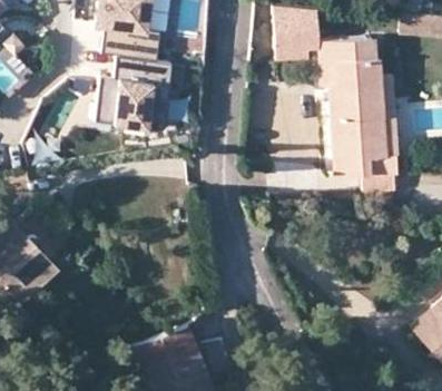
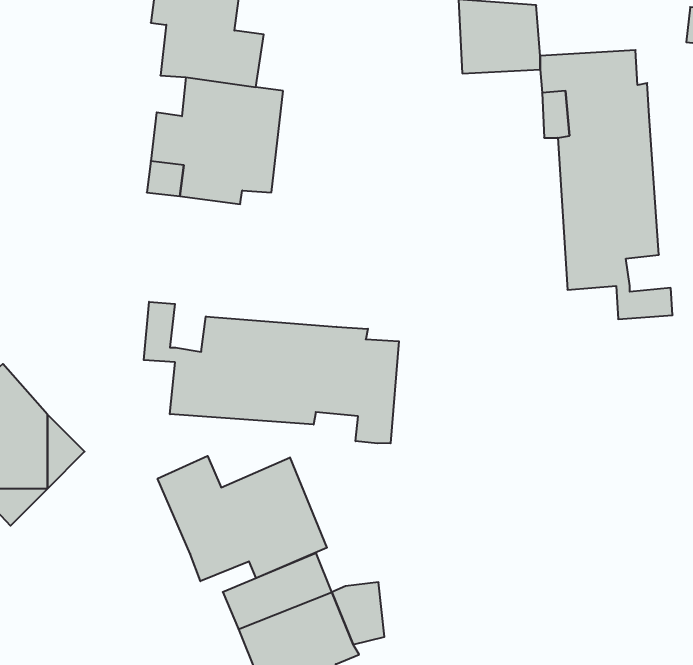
building: [367,76,399,177] -> none
building: none -> [144,302,399,443]
building: none -> [158,456,327,581]

